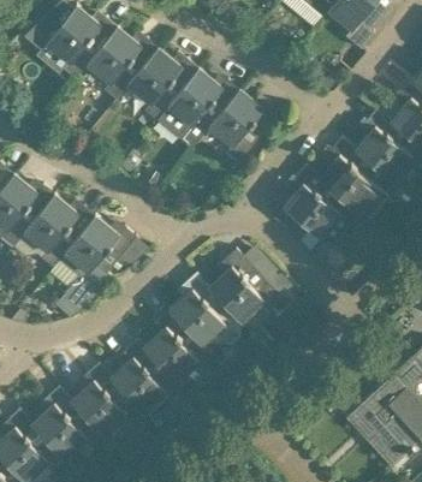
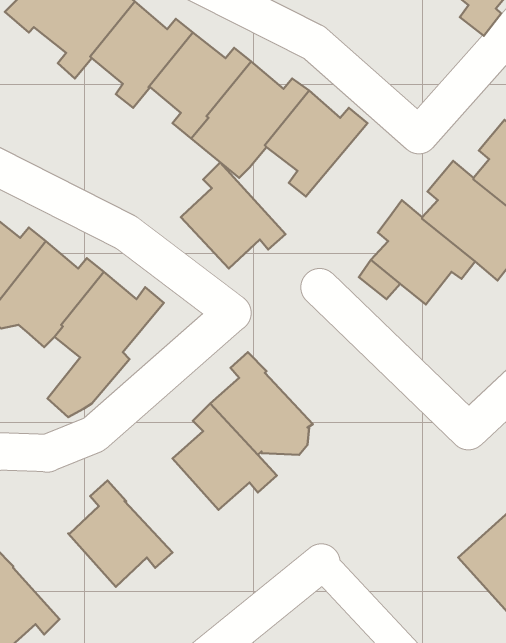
building: [209,249,283,323] -> [181,162,285,268]
building: [111,340,184,413] -> none
building: [32,386,105,460] -> none

